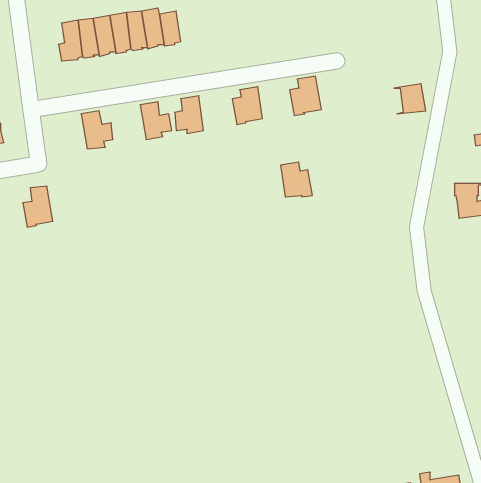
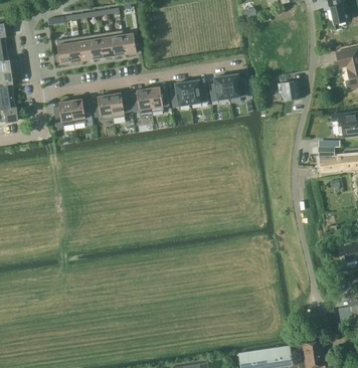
building: none -> [225,73,251,98]
building: none -> [148,86,169,112]
building: none -> [93,95,113,120]
building: [281,162,312,197] -> [187,80,208,104]
building: [23,186,53,227] -> [53,101,73,128]

